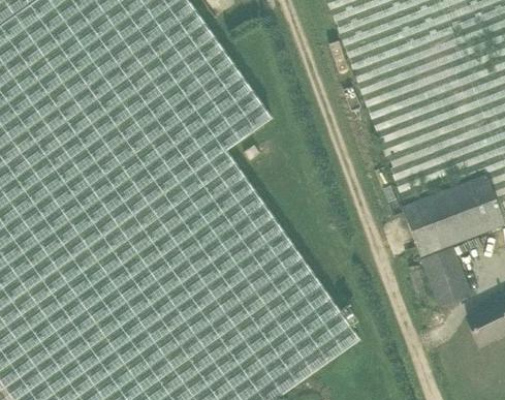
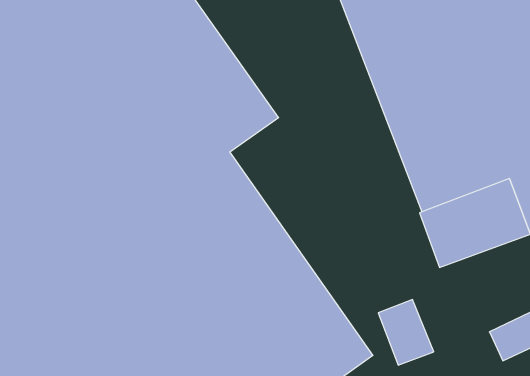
building: [419,248,471,309] -> [378,300,434,365]

